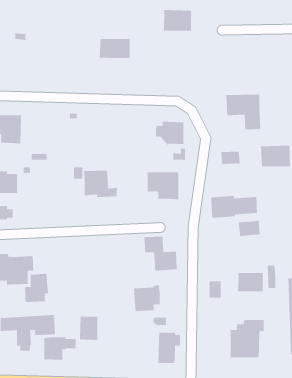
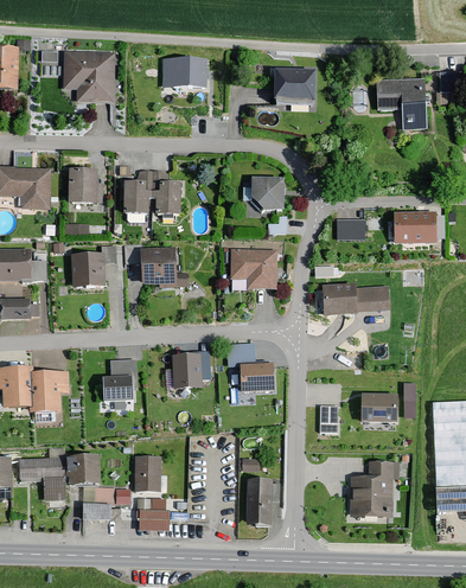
building: [163,9,192,32] -> [274,69,315,101]
building: none -> [63,50,116,102]
building: [226,94,261,130] -> [376,78,427,130]
building: none -> [69,168,103,203]
building: none -> [123,170,183,215]
building: none -> [71,244,117,287]
building: [238,220,261,237] -> none
building: [24,273,49,303] -> [103,358,139,401]
building: [133,284,160,312] -> [172,350,211,389]
building: none -> [139,510,171,531]

